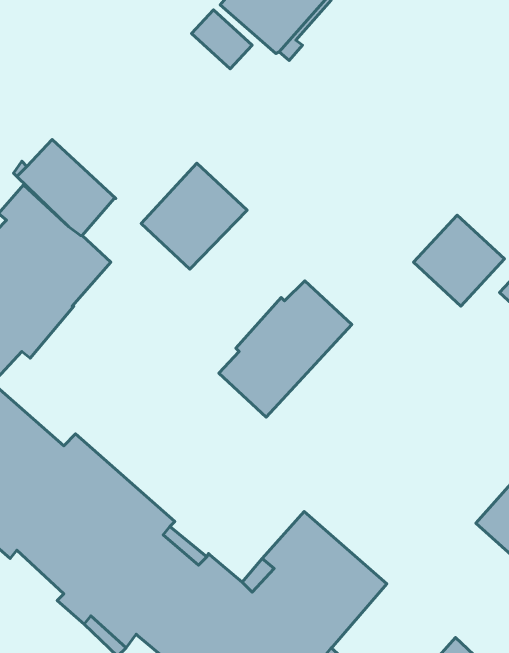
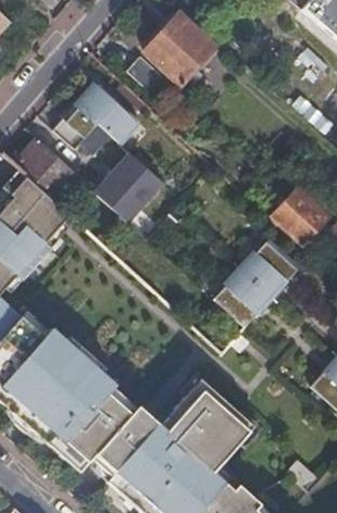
building: none -> [53,83,140,149]
building: [219,281,352,417] -> [214,239,300,327]

